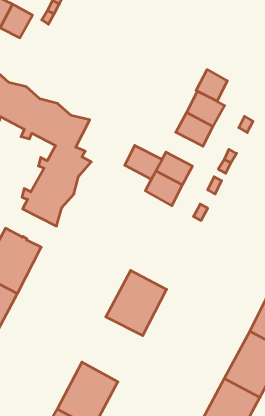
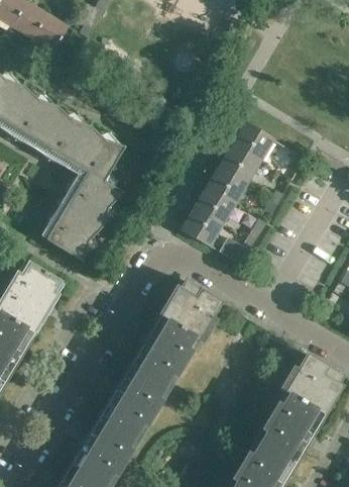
building: [196,70,227,101] -> none
building: [125,145,162,179] -> [206,167,247,205]
building: none -> [159,282,220,343]
building: none -> [100,366,168,439]

